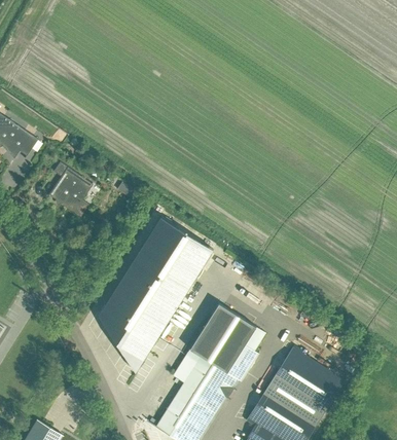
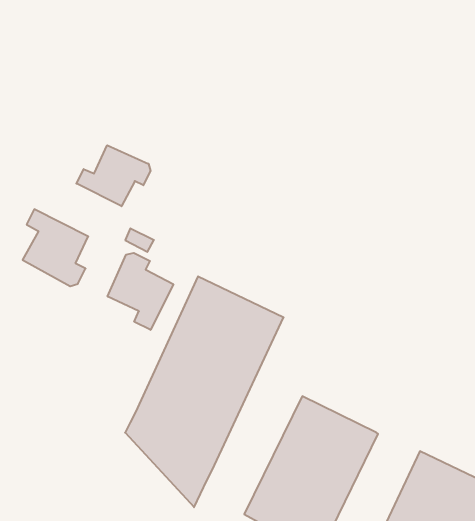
building: none -> [76,145,150,206]
building: none -> [108,253,173,330]

